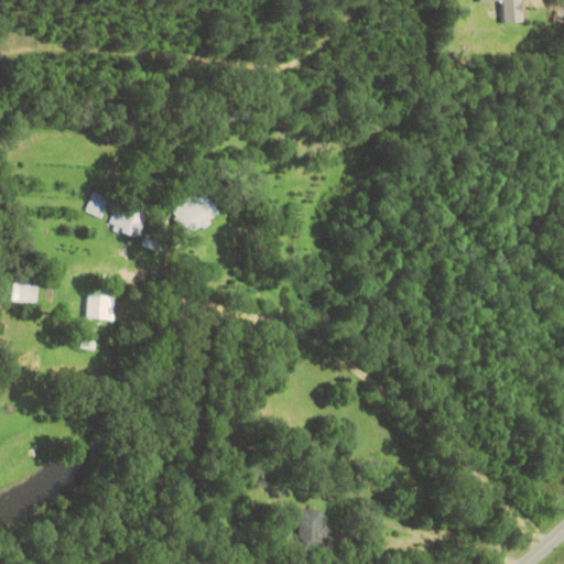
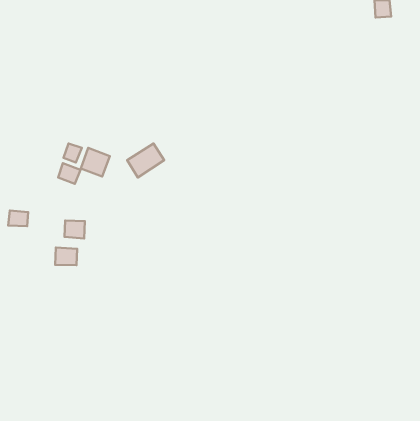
building: none -> [58,163,81,184]
building: none -> [55,248,77,265]
building: [301,510,323,543] -> none

